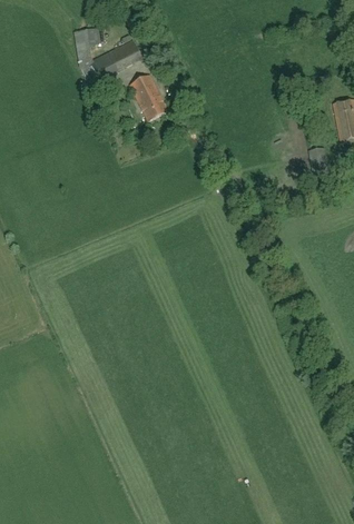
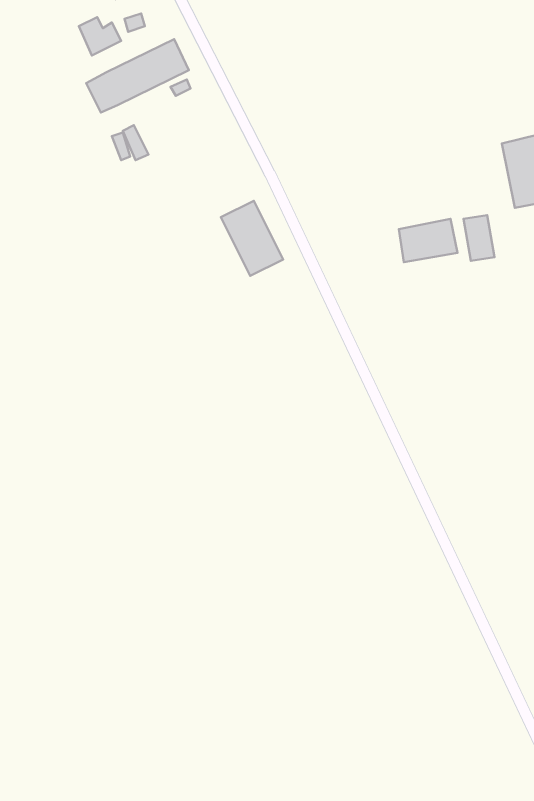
building: [130,73,168,119] -> [221,201,283,276]
building: none -> [399,219,457,262]

